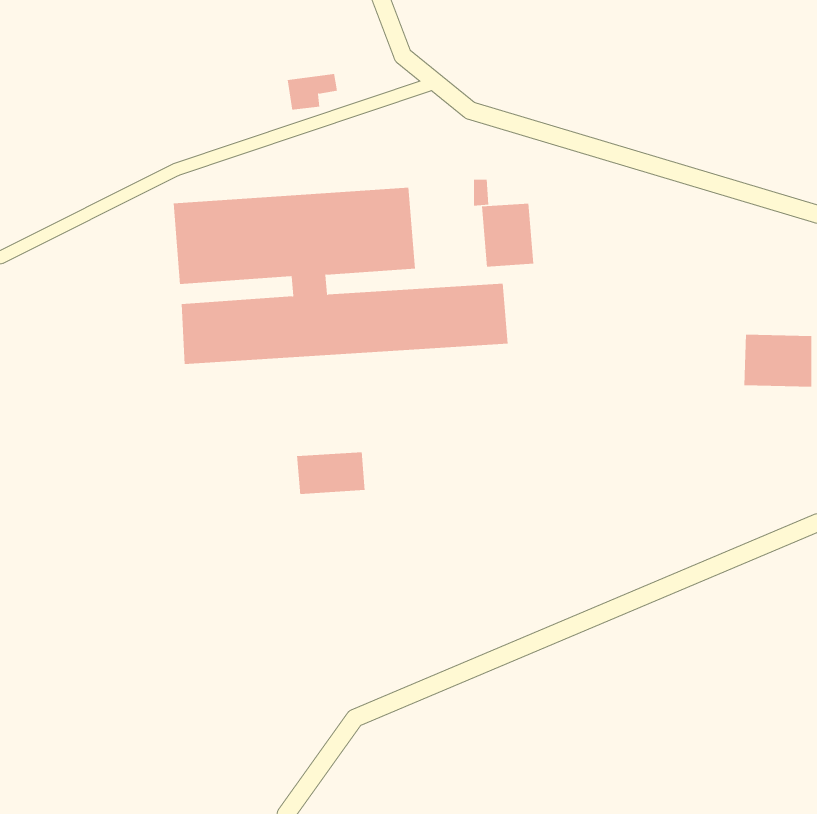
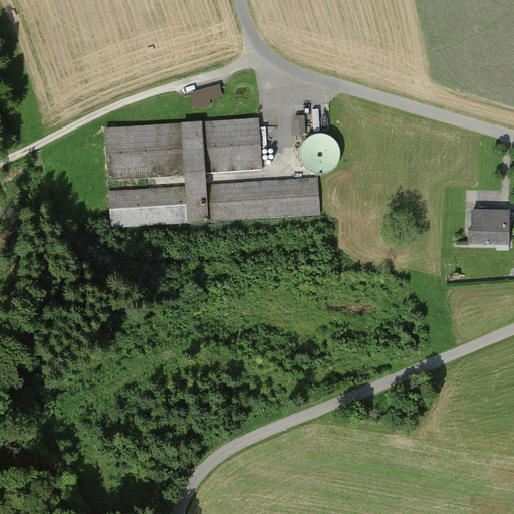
building: [287,73,338,110] -> [192,83,224,106]
building: [297,451,365,495] -> none

